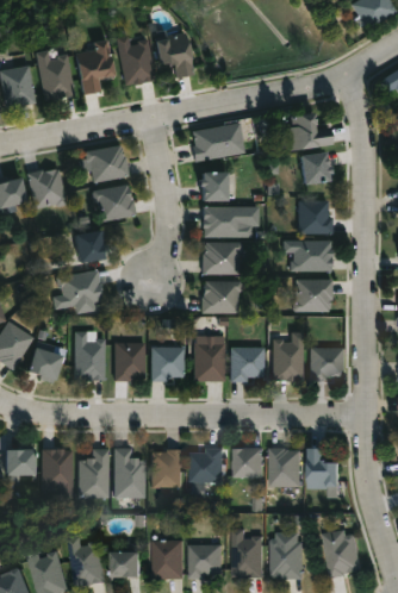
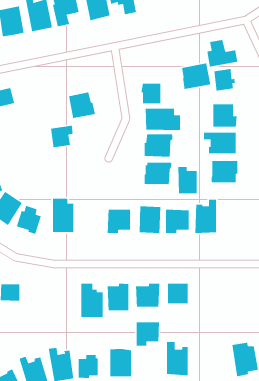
building: [192,124,234,162] -> [181,63,211,90]
building: [79,145,129,182] -> none
building: [26,168,66,208] -> none
building: [51,270,100,310] -> none
building: none -> [177,166,197,194]
building: [113,343,145,382] -> none
building: [311,347,342,382] -> none
building: [42,449,73,499] -> none
building: [77,449,110,498] -> none
building: [269,449,301,495] -> none
building: [306,449,337,491] -> none
building: [270,539,304,580] -> none
building: [191,545,224,580] -> [136,321,160,346]

